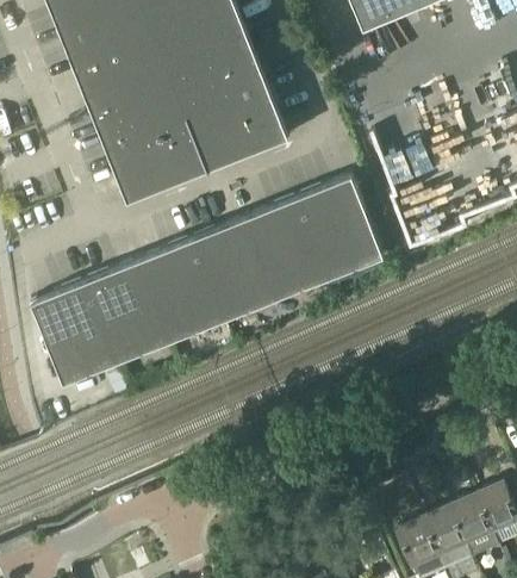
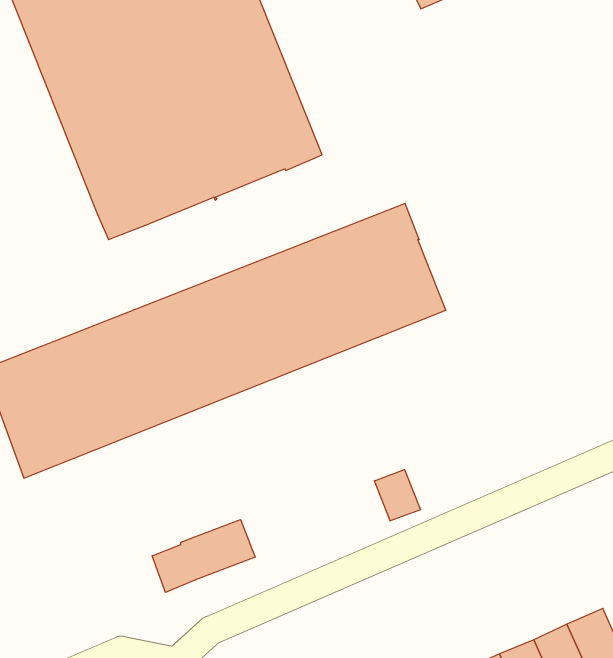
building: none -> [374,470,420,521]
building: none -> [152,520,255,592]

